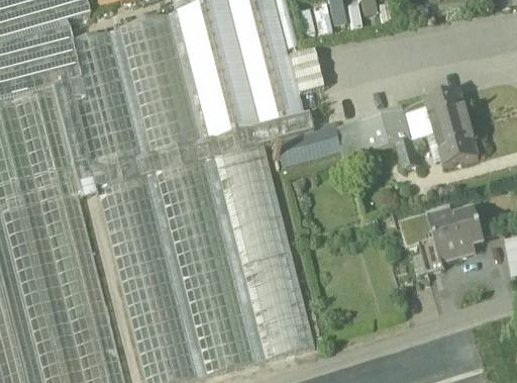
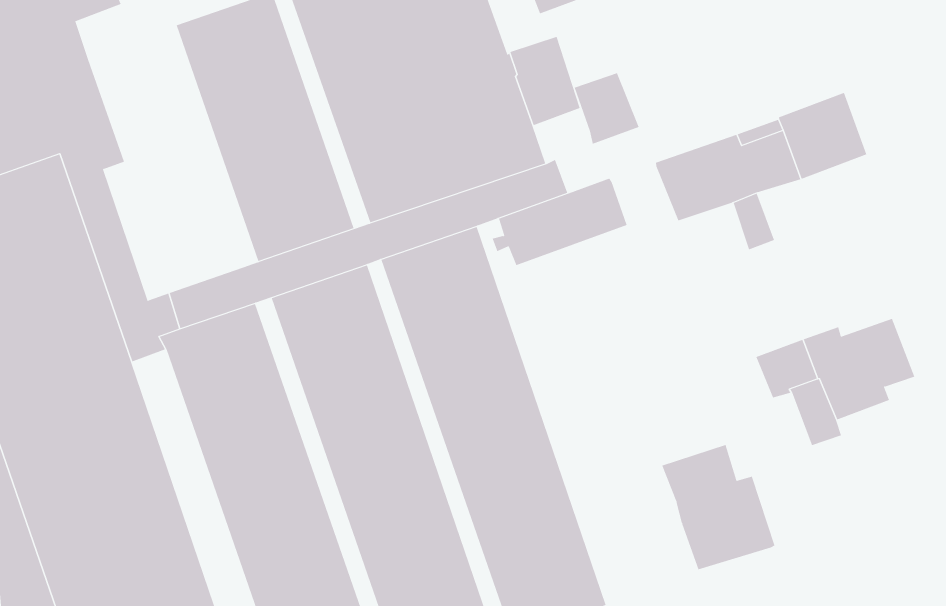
building: [70,31,140,169] -> none
building: [335,121,368,158] -> [574,72,640,145]
building: [433,124,478,167] -> none
building: none -> [662,444,775,570]

